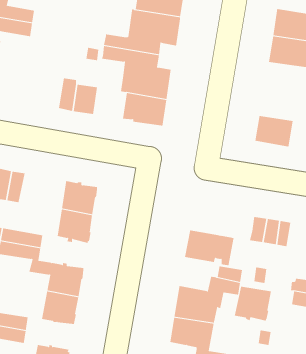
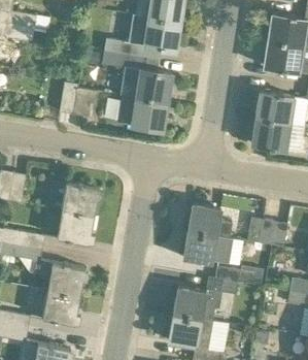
building: none -> [255,91,294,124]
building: none -> [187,203,232,238]
building: [234,286,271,322] -> none

